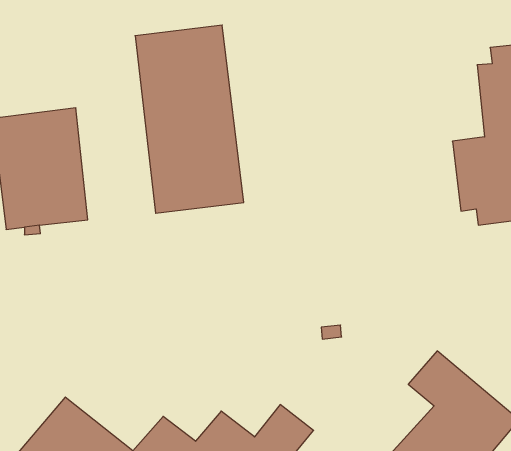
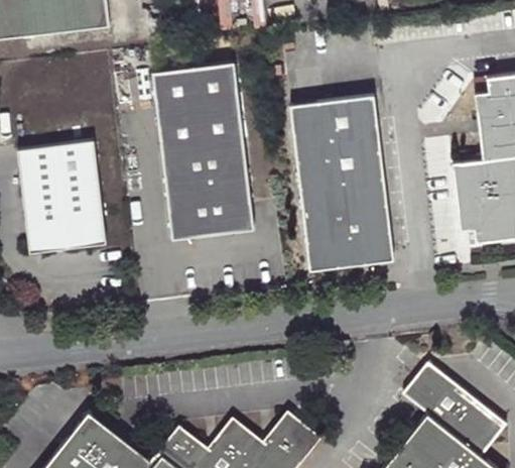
building: none -> [287,90,395,266]

